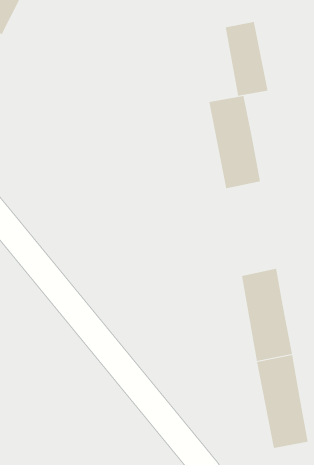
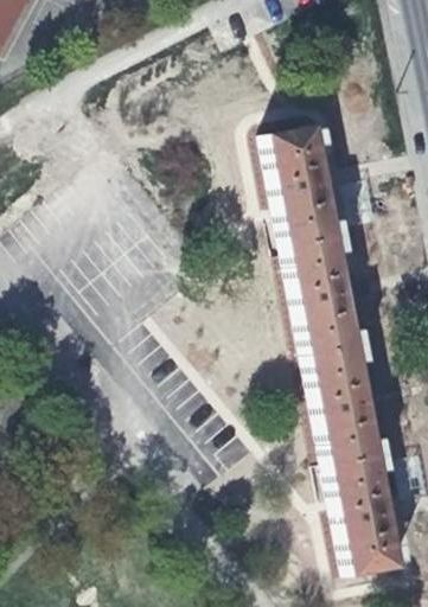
building: [225,21,268,96] -> none
building: none -> [293,235,358,354]

